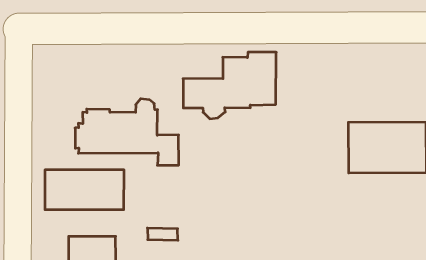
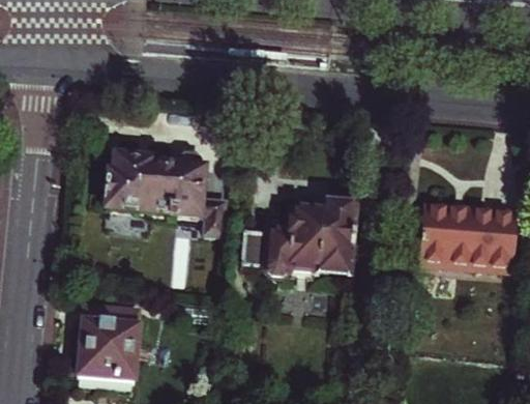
building: [183,52,276,119] -> [240,204,355,278]
building: [45,170,124,210] -> none

